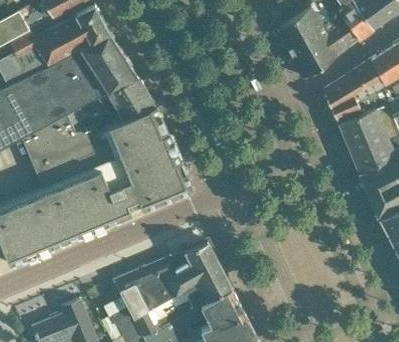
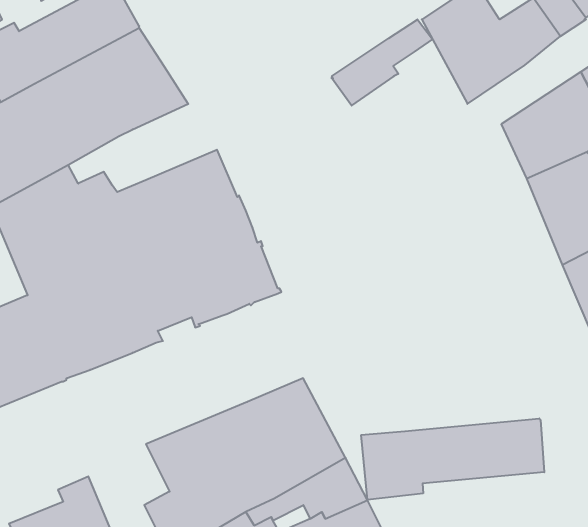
building: none -> [331,19,432,106]
building: [98,79,156,124] -> none
building: none -> [361,418,544,500]

